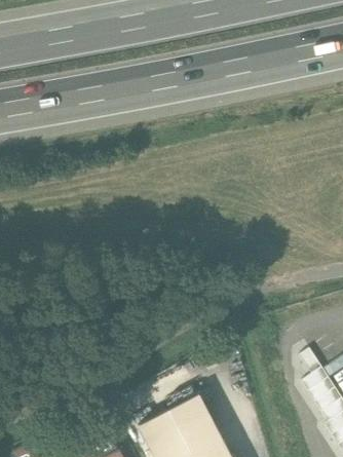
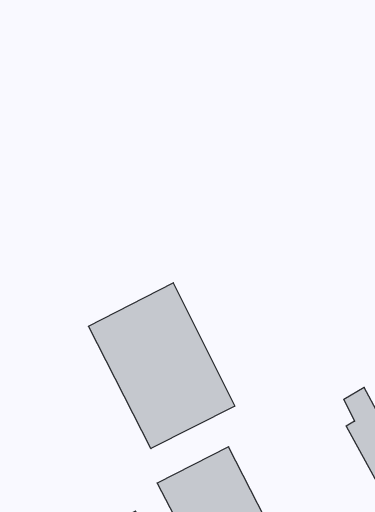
building: none -> [88,283,235,449]

